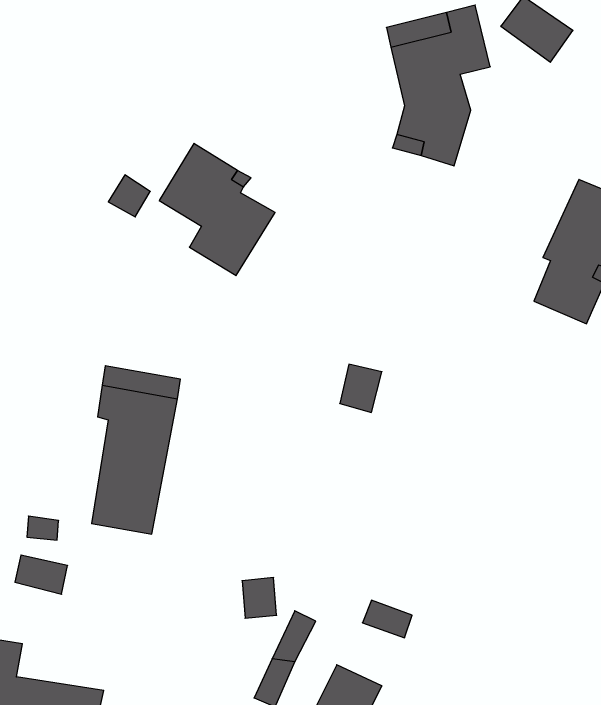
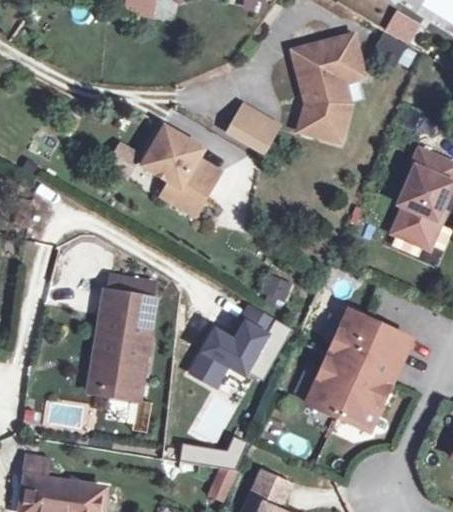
building: none -> [229,106,277,150]
building: none -> [177,307,263,386]
building: none -> [88,308,138,395]
building: none -> [306,309,411,431]

